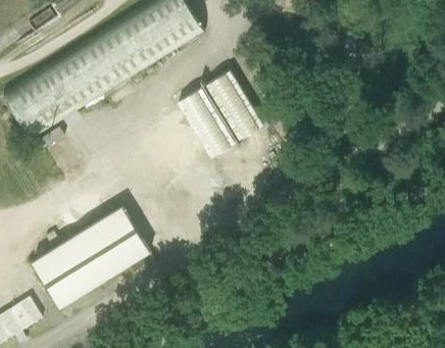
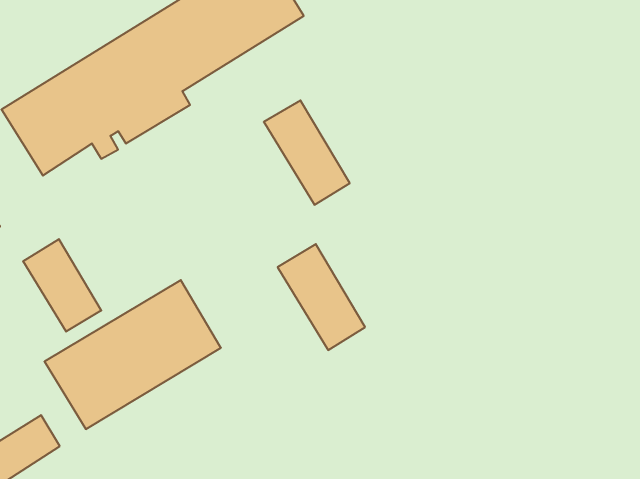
building: [204,71,262,142] -> [278,244,365,350]
building: none -> [23,239,101,332]

